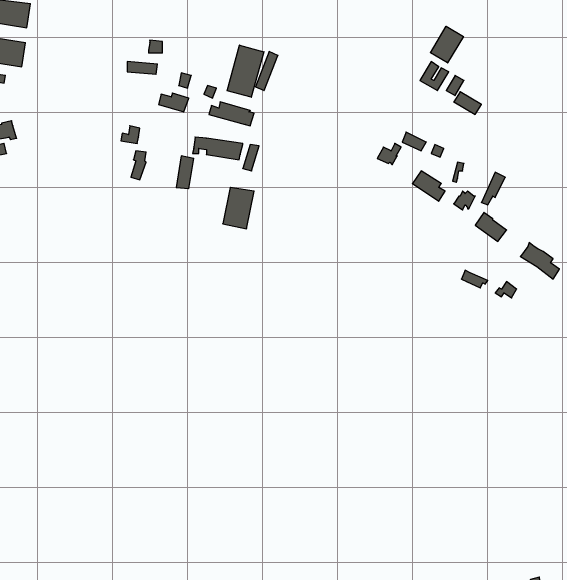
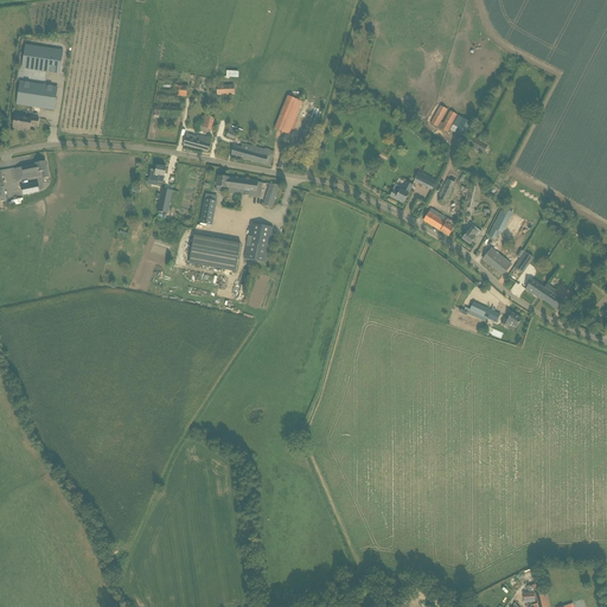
building: [430,26,463,63] -> none
building: [227,45,264,97] -> none
building: none -> [189,234,239,269]

